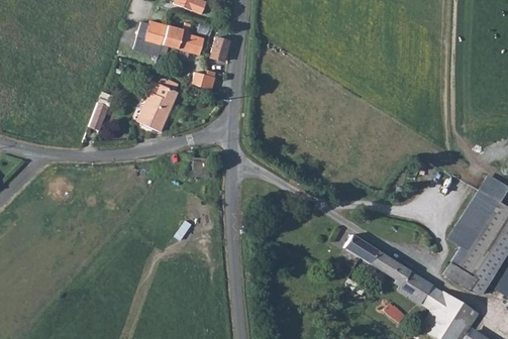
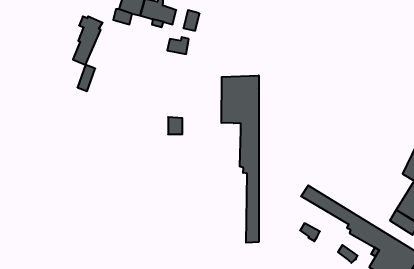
building: [145,77,179,131] -> [73,16,103,65]
building: none -> [221,75,259,243]

